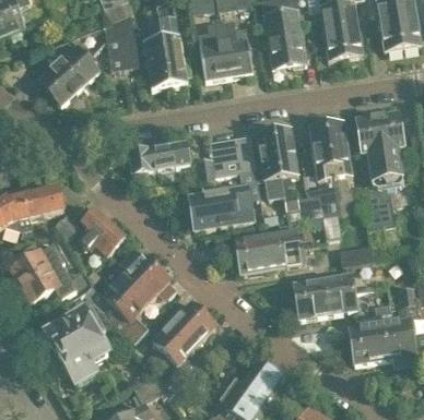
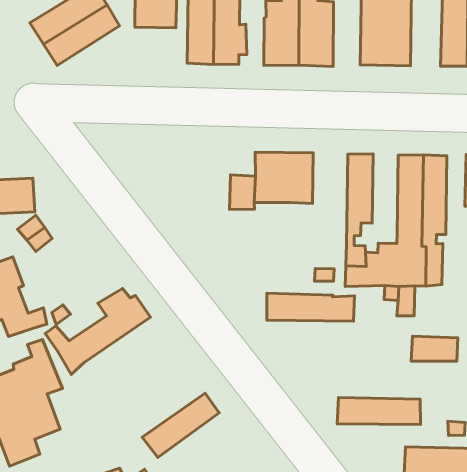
building: [256,131,283,193] -> none
building: [128,141,189,173] -> none
building: [187,169,260,230] -> none
building: [80,208,125,256] -> none
building: [237,245,301,273] -> none
building: [108,267,176,344] -> none
building: [293,273,353,300] -> none
building: [153,301,203,351] -> none

